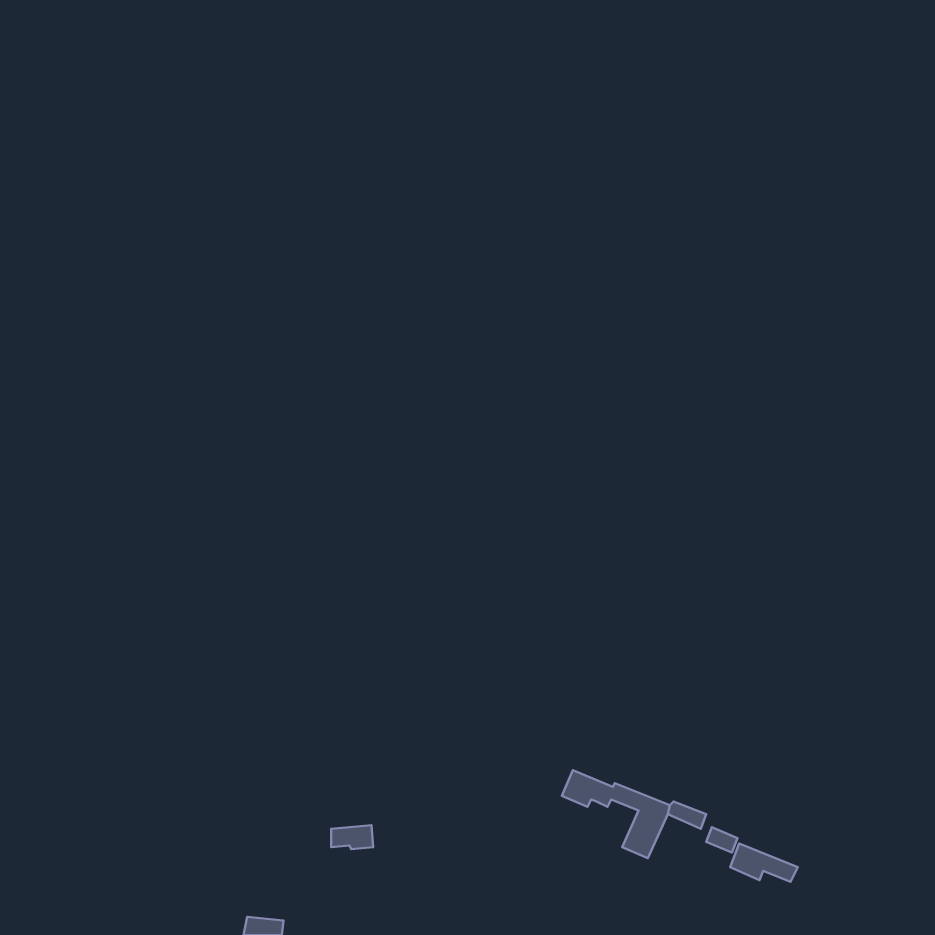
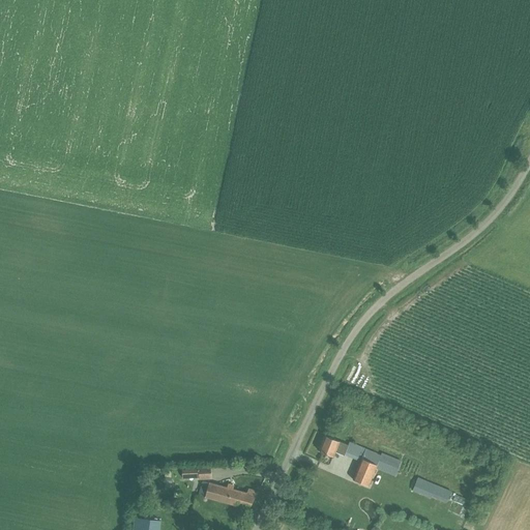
building: none -> [198,482,257,509]

